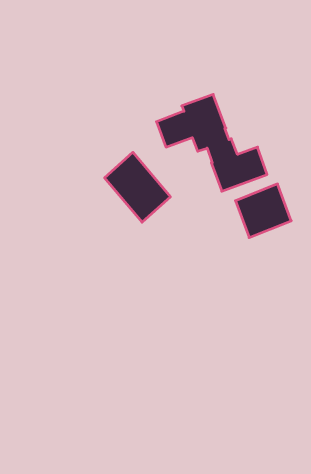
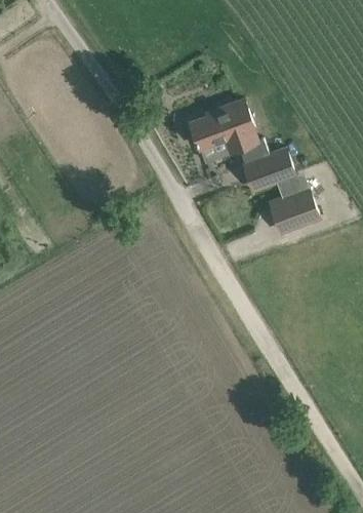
building: [105,152,170,222] -> none

